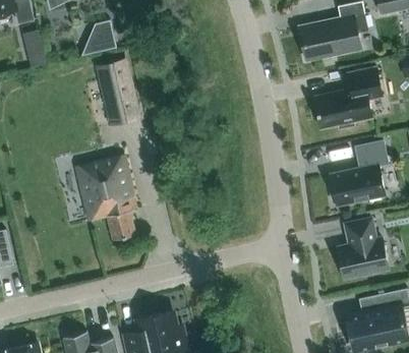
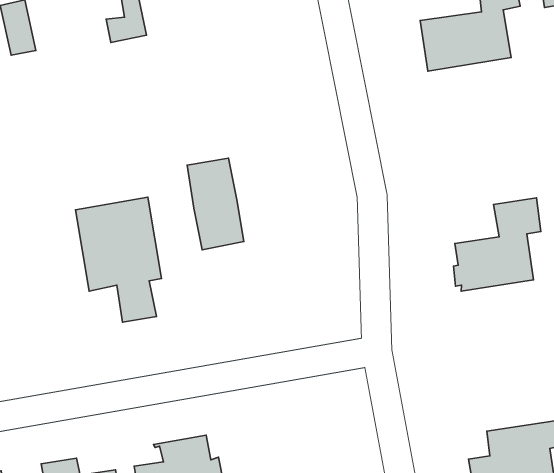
building: [98,62,138,124] -> [187,158,244,250]
building: [314,68,383,129] -> none
building: [338,219,389,279] -> none

